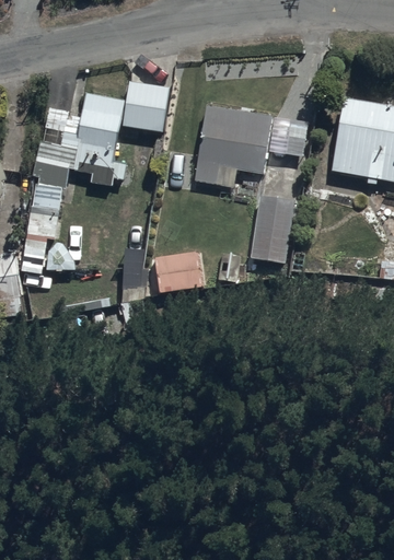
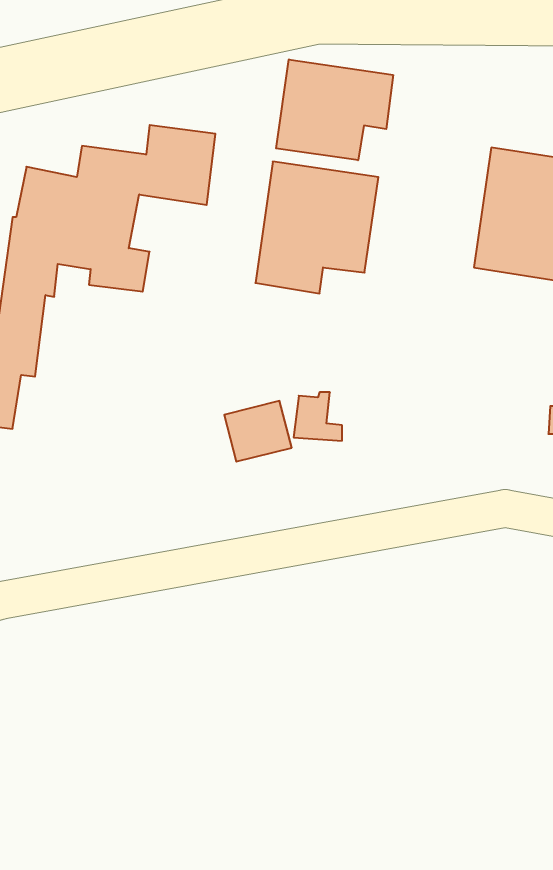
building: none -> [276,59,393,160]
building: [251,195,293,262] -> none

